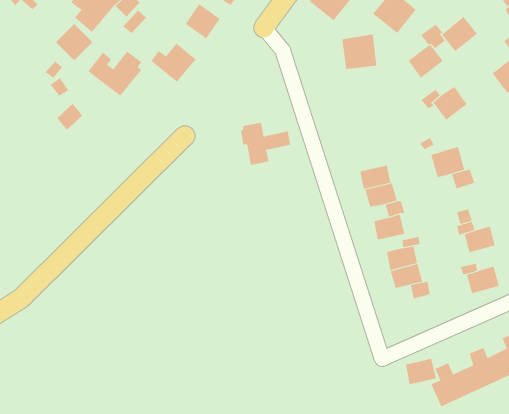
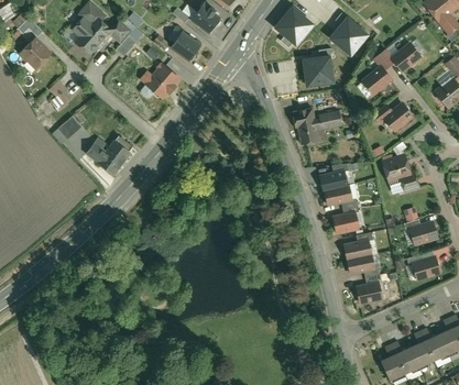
building: [55,23,93,61] -> [19,36,52,69]
building: [87,51,142,97] -> [85,135,132,175]
building: [240,122,291,165] -> [293,107,337,144]
building: [405,358,437,385] -> [357,282,384,305]

